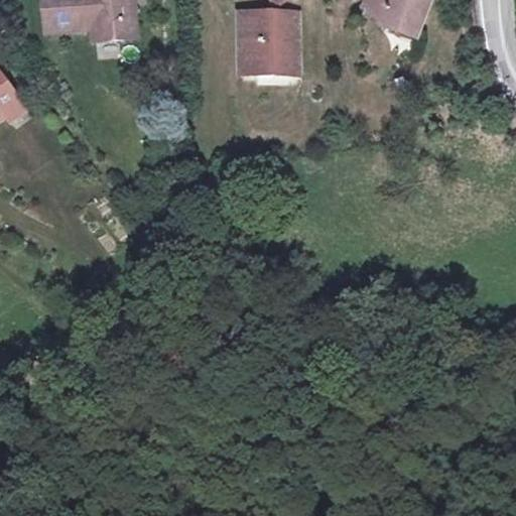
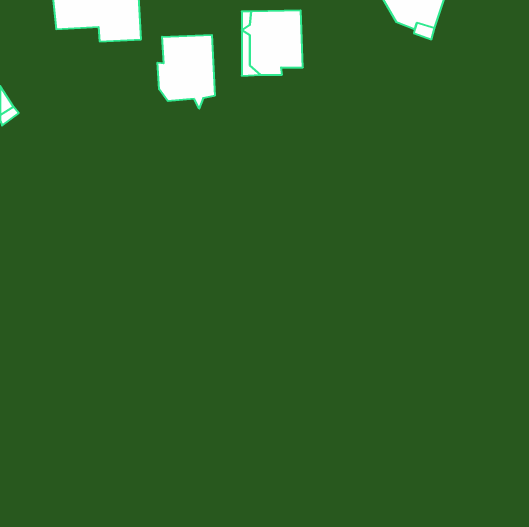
building: none -> [157,35,215,109]

